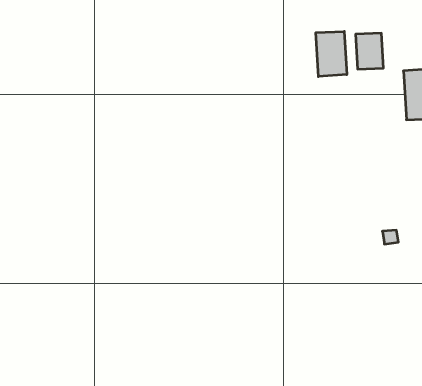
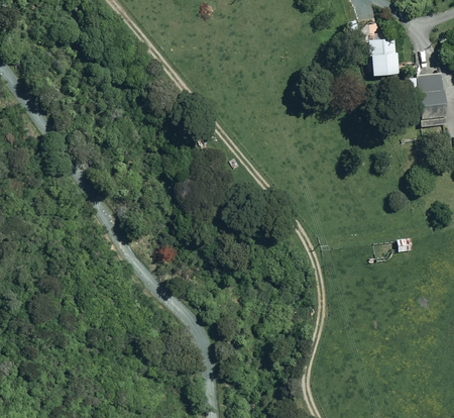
building: [316,31,347,77] -> none

